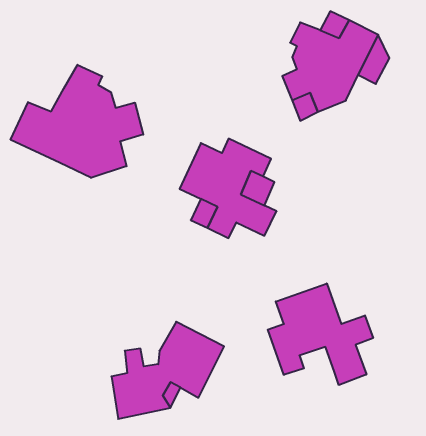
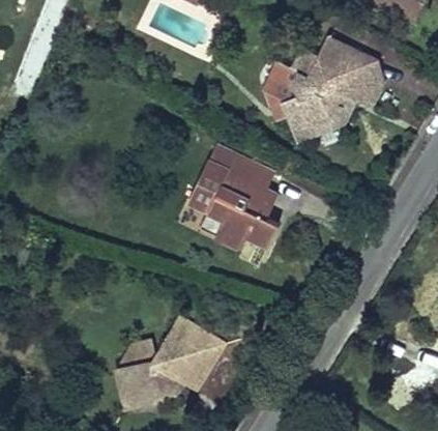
building: [11,65,143,178] -> none
building: [268,283,373,385] -> none

